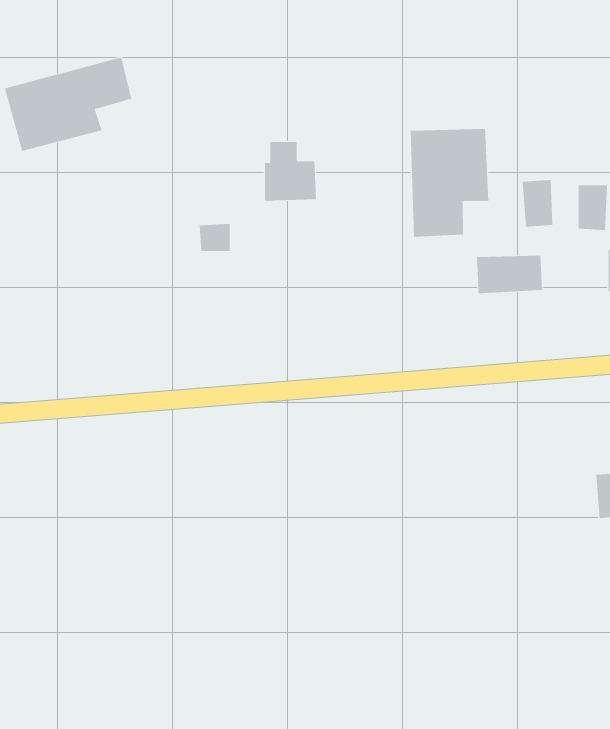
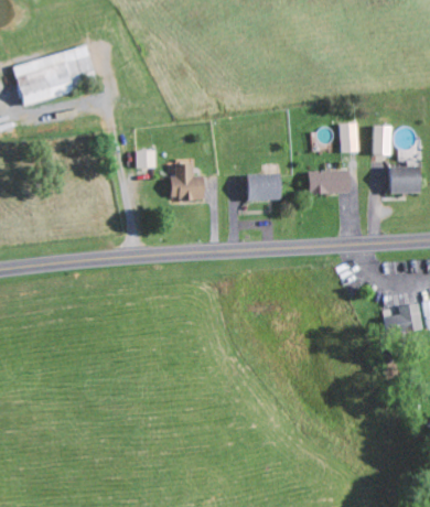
building: [410,128,489,238] -> none
building: [264,141,317,201] -> [171,163,204,201]
building: none -> [247,172,281,199]

